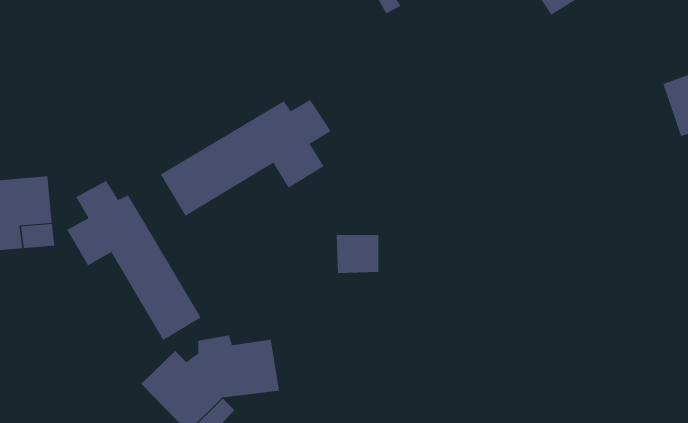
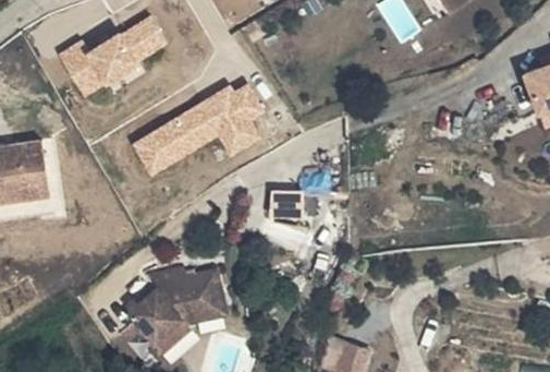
building: none -> [59,16,168,87]
building: [67,180,202,341] -> none

